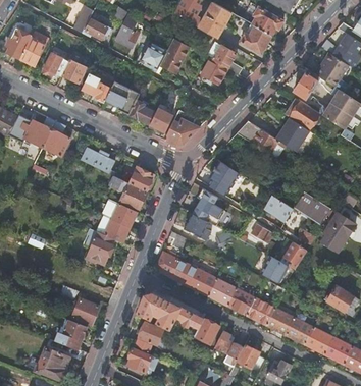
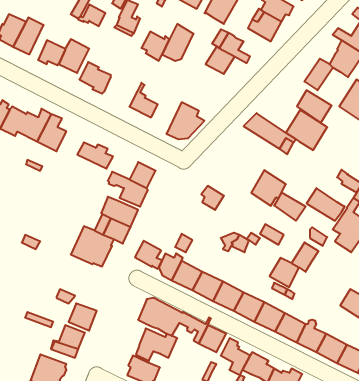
building: [105,87,136,114] -> none
building: [148,103,172,131] -> none
building: [202,157,235,190] -> [251,170,286,206]
building: [184,213,209,239] -> [135,241,162,269]

